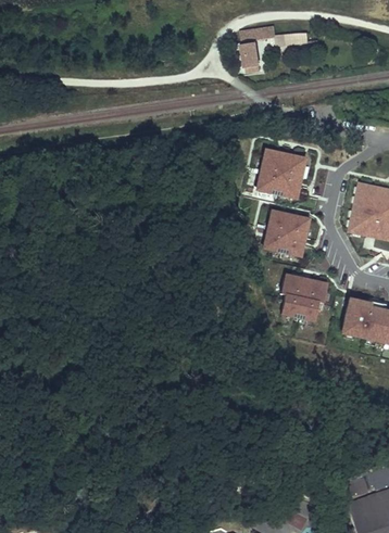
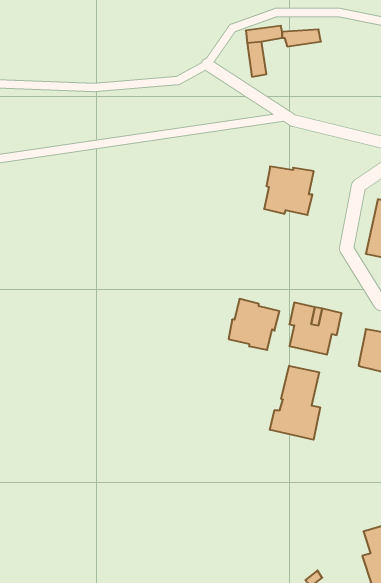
building: [263,211,309,256] -> [229,299,279,350]
building: none -> [270,366,320,440]

